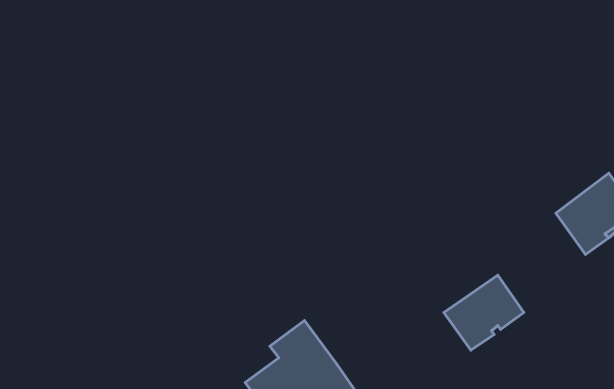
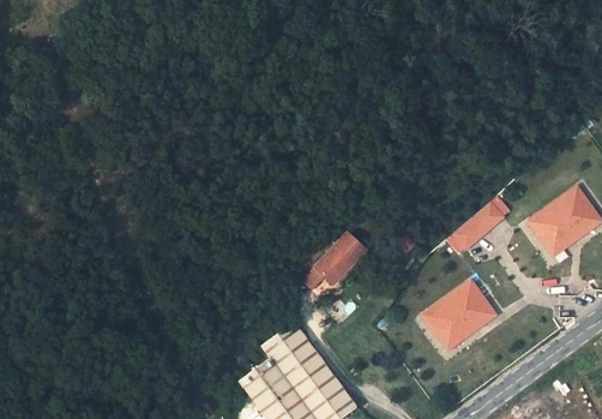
building: none -> [456,202,505,249]
building: none -> [313,232,365,285]

